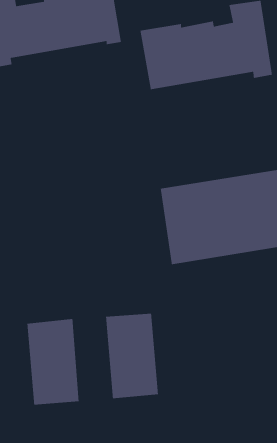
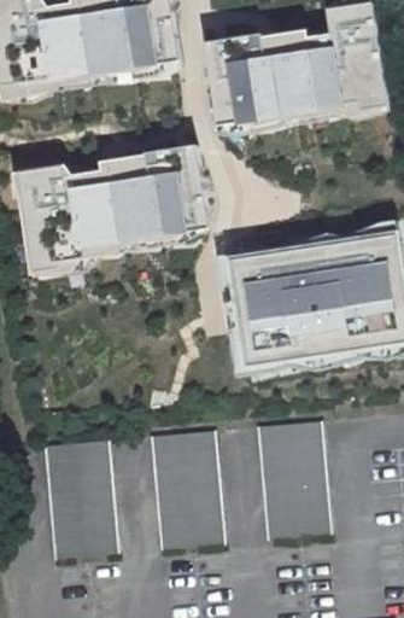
building: none -> [18,146,207,273]
building: none -> [260,421,334,540]

